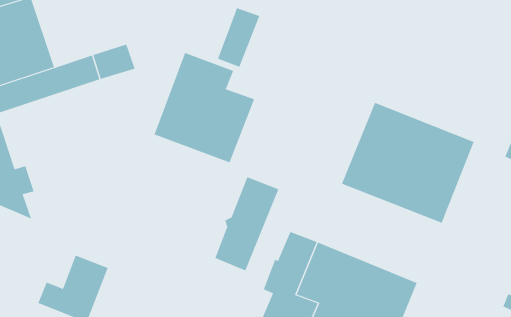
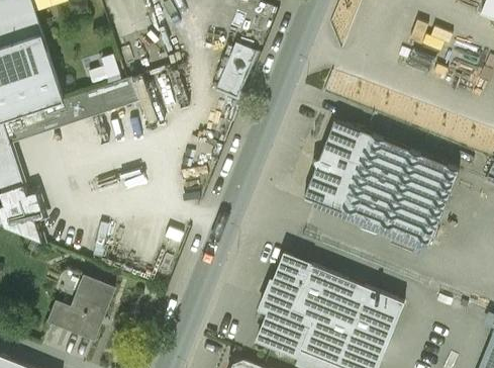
building: [154,52,255,163] -> none
building: [215,176,279,271] -> [302,119,363,208]

